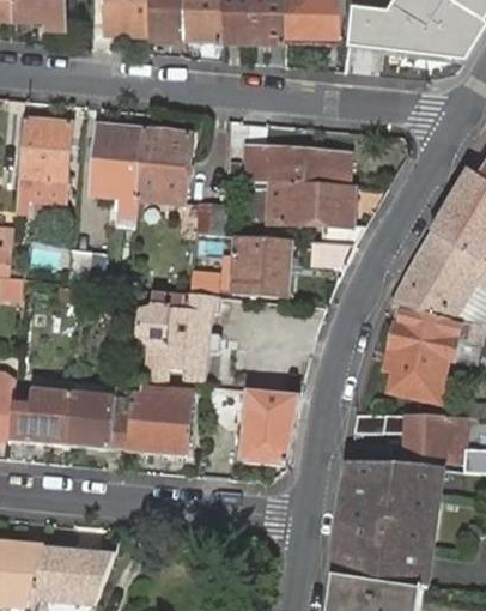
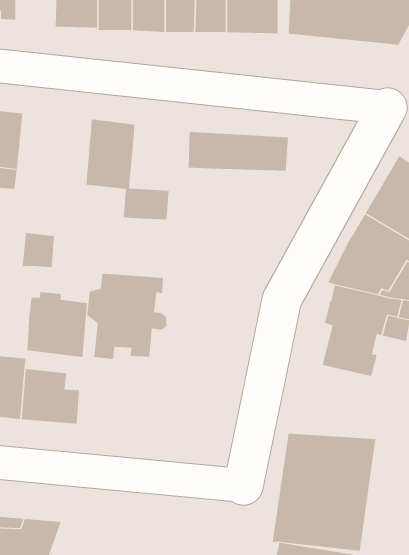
building: [90,123,142,216] -> none
building: [267,181,363,244] -> none
building: [232,236,292,297] -> none
building: [128,388,193,458] -> [26,292,88,357]
building: [241,393,299,464] -> none
building: [353,412,466,459] -> none

